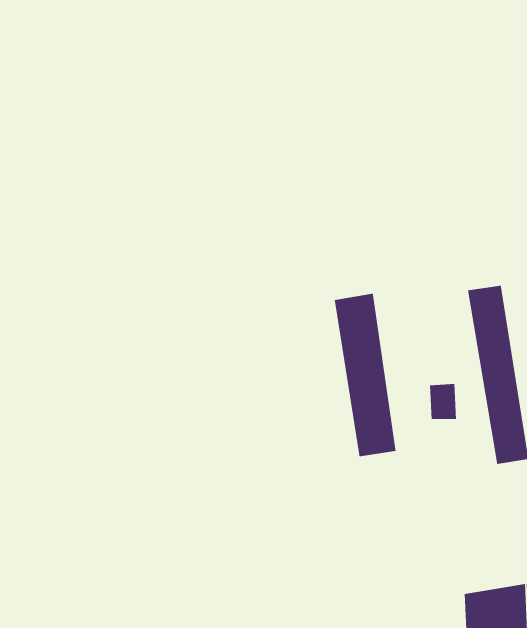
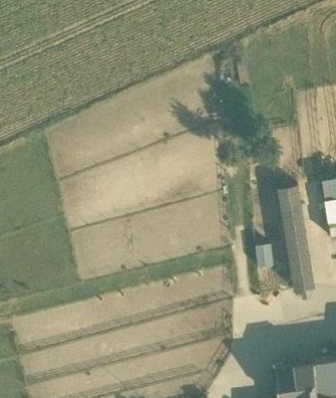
building: [334,293,396,457] -> none

